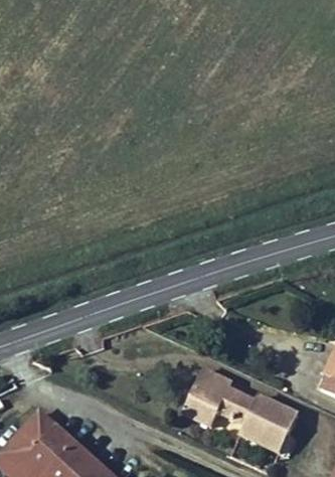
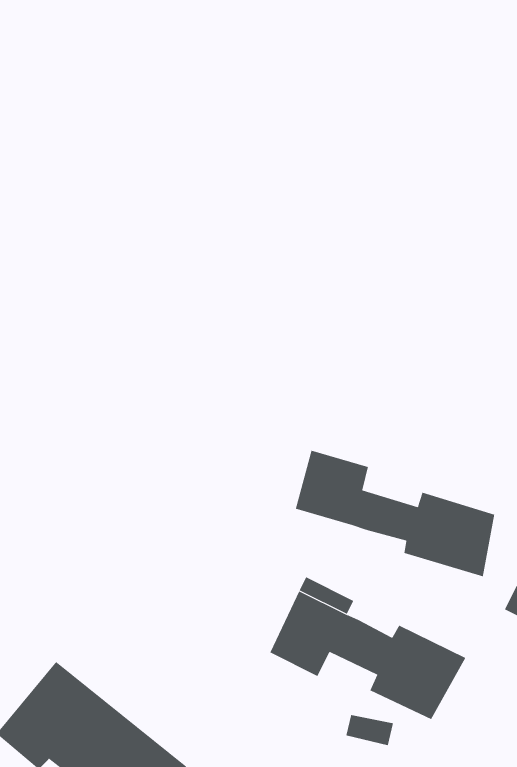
building: none -> [295,450,495,577]

